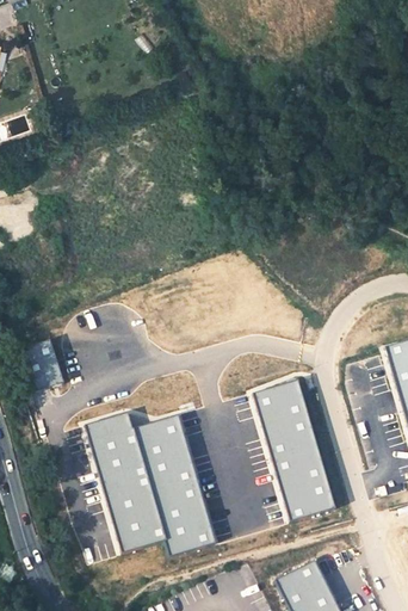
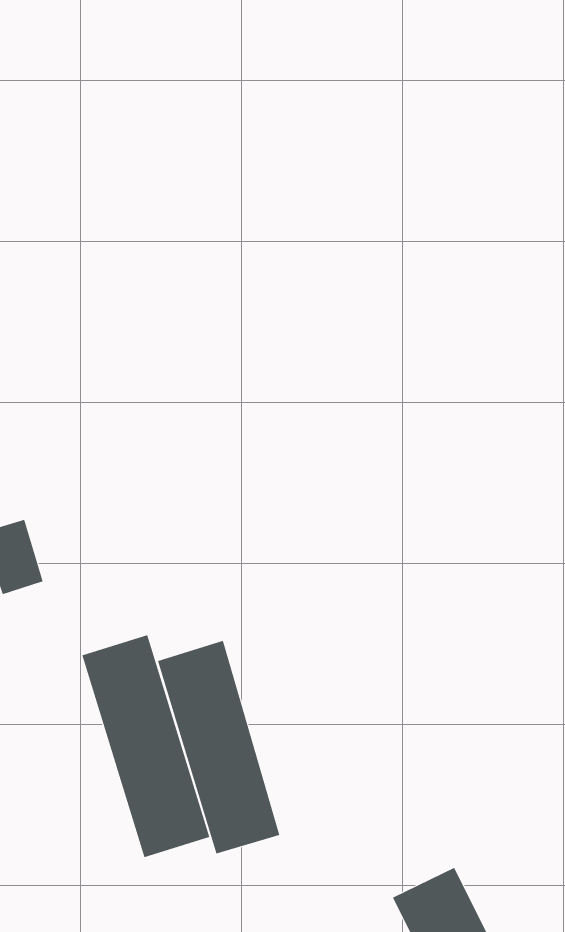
building: [254,379,332,517] -> none

